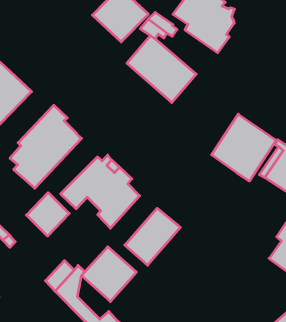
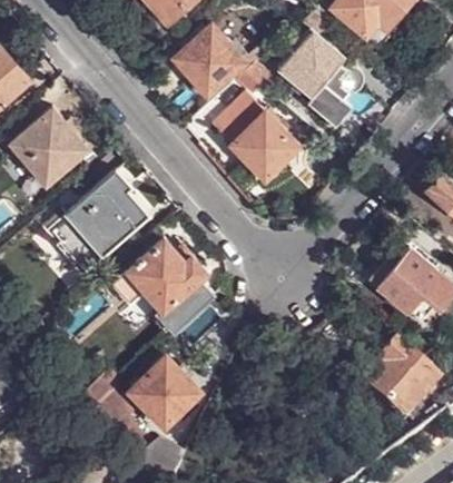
building: [212,114,276,181] -> none
building: [26,193,69,236] -> none
building: [125,208,180,265] -> none

